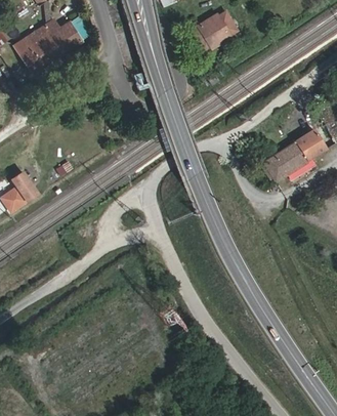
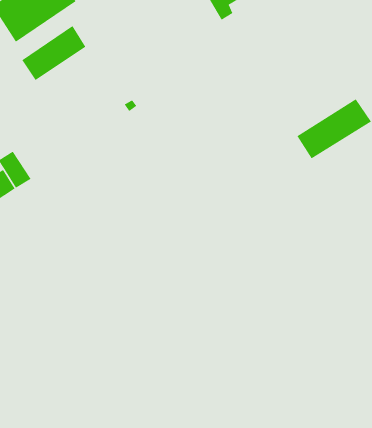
building: none -> [22,25,86,81]

